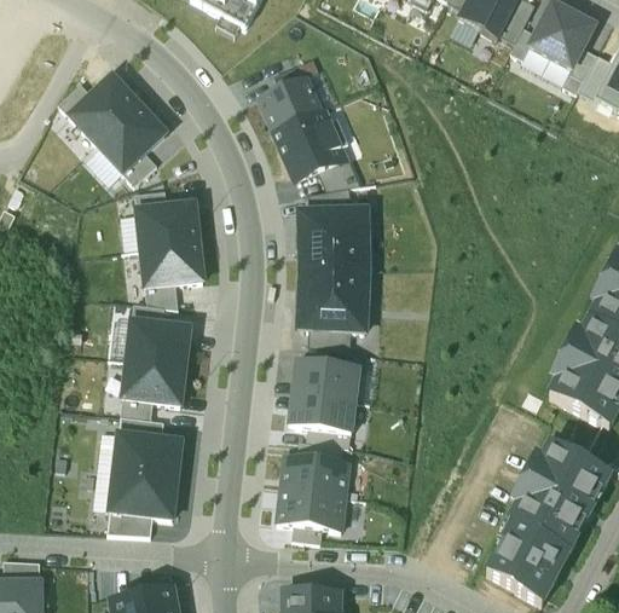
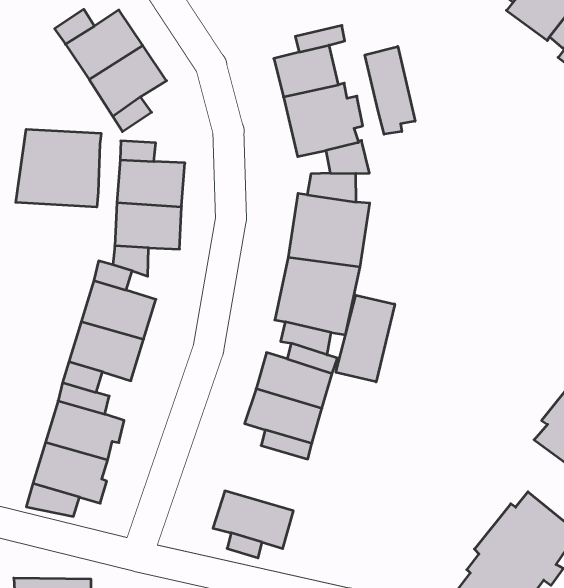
building: none -> [365,46,415,134]
building: none -> [16,129,101,207]
building: none -> [336,295,395,382]
building: [282,455,349,496] -> none

